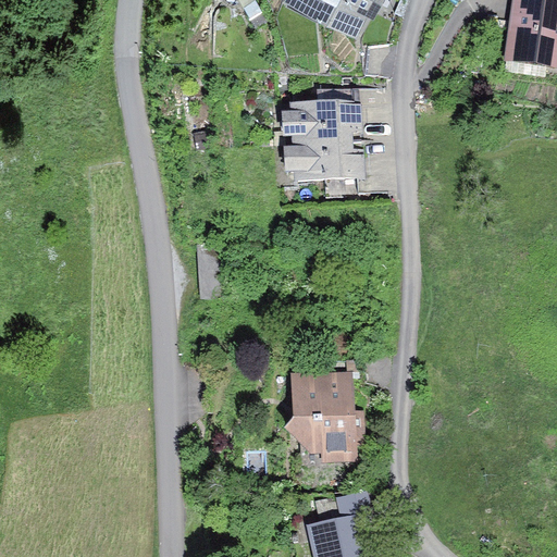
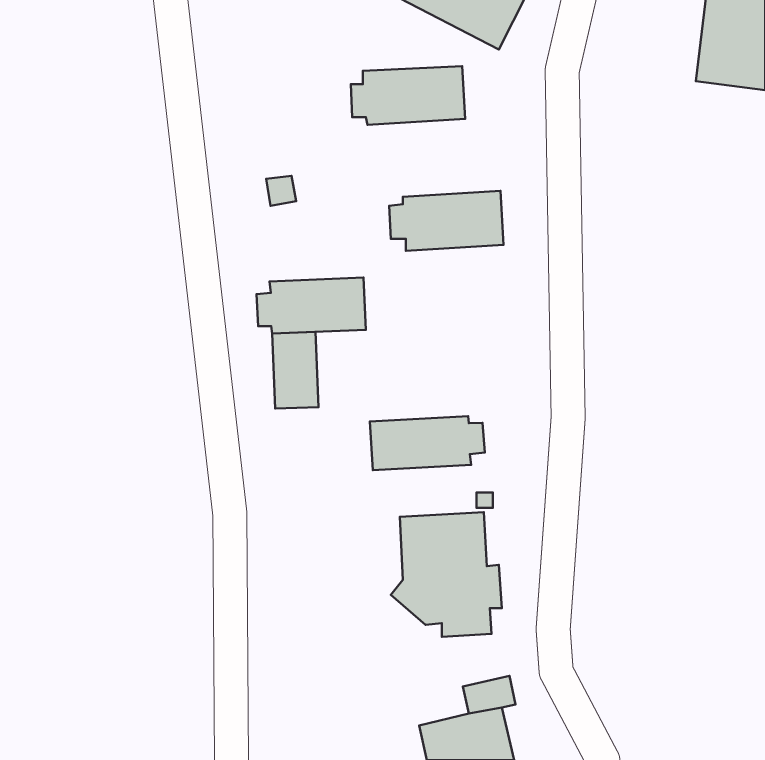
building: [280,100,362,143] -> [351,66,465,125]
building: none -> [256,278,366,333]
building: none -> [370,416,485,470]

